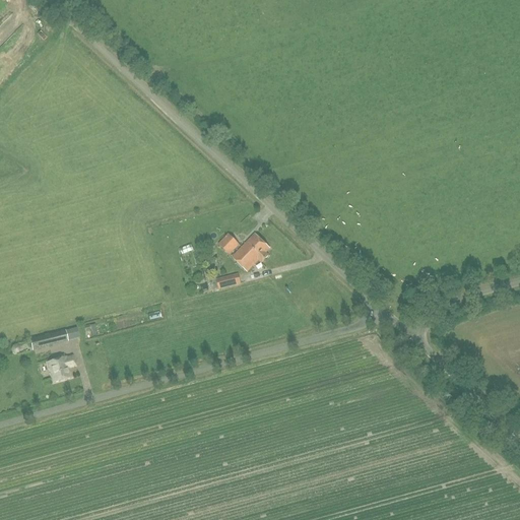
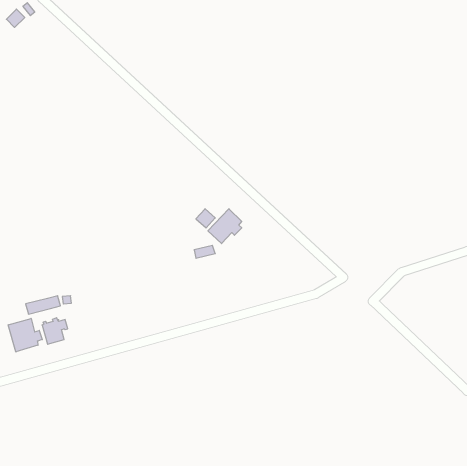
building: none -> [8,318,42,352]

